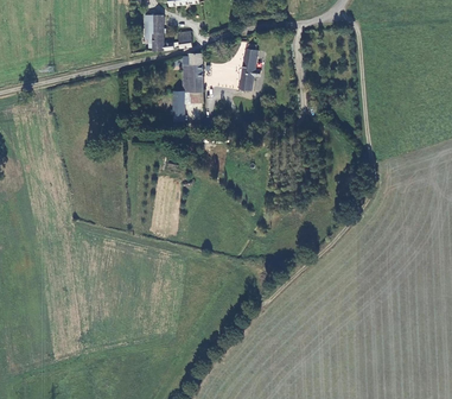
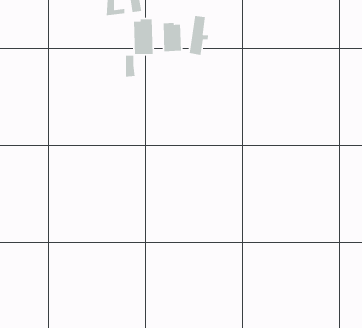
building: none -> [163,22,182,52]

